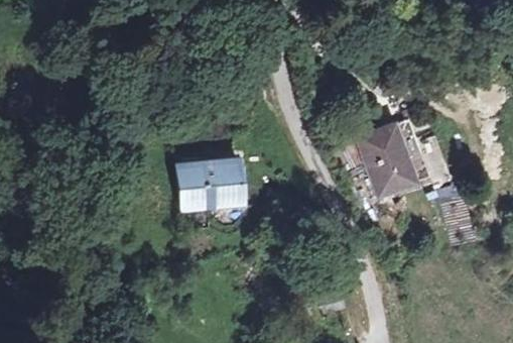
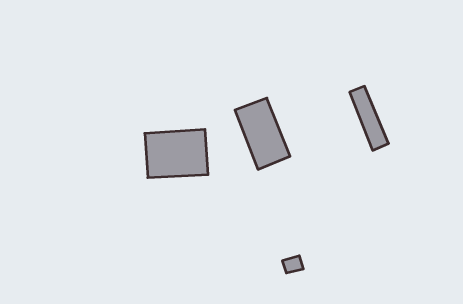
building: [355,125,410,197] -> [235,98,290,169]

